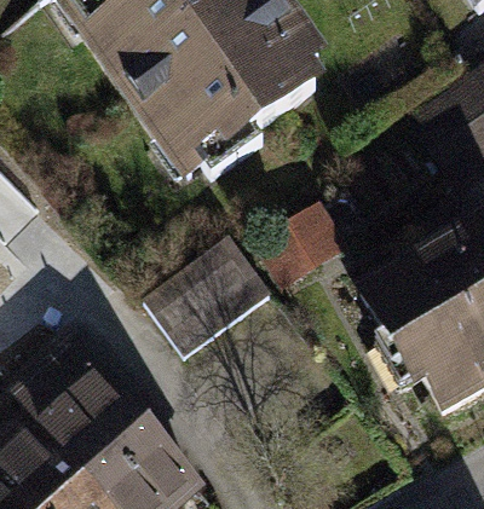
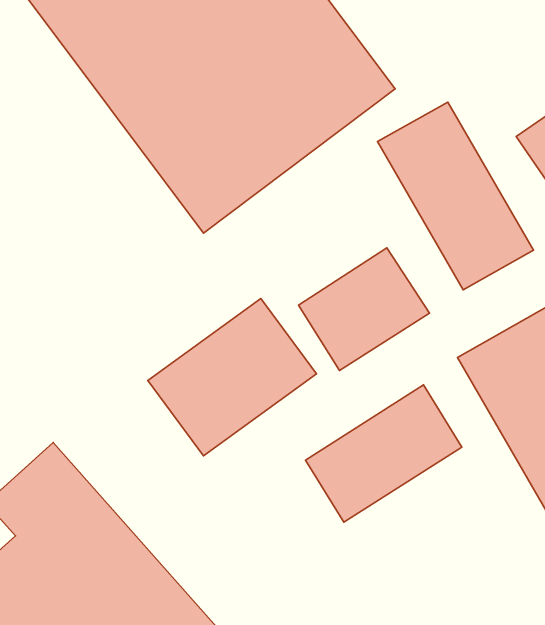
building: none -> [377,102,534,290]
building: none -> [305,385,462,522]

